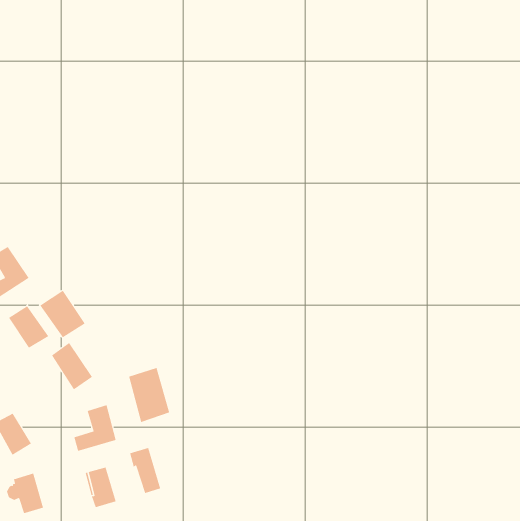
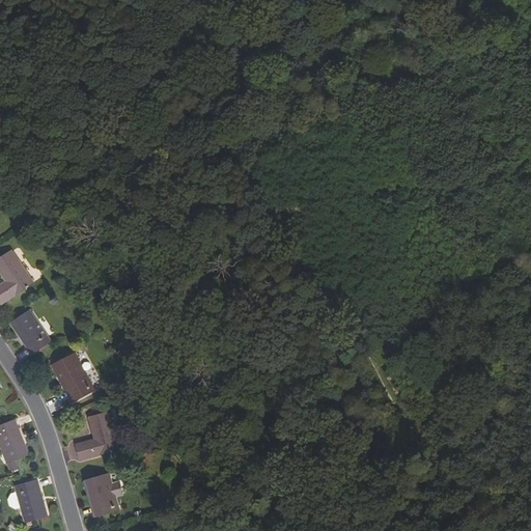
building: [40,290,86,338] -> none
building: [128,367,170,423] -> none
building: [130,447,161,494] -> none

